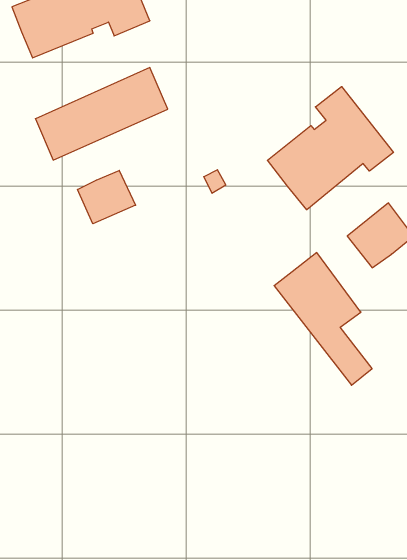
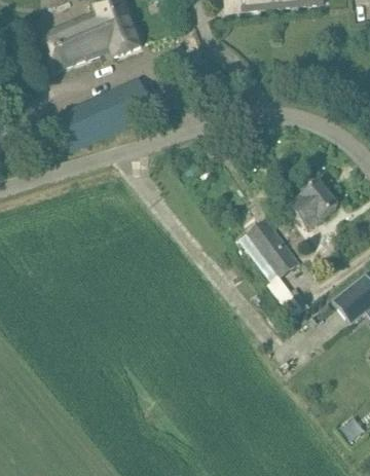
building: [267,87,393,210] -> none
building: [78,170,136,224] -> none

